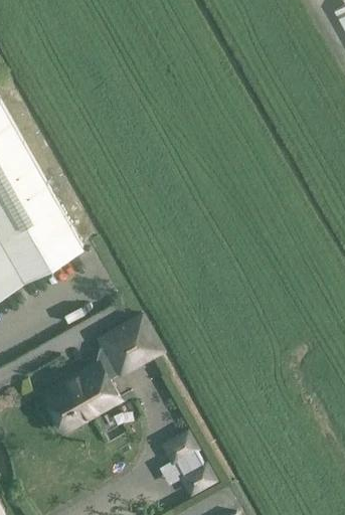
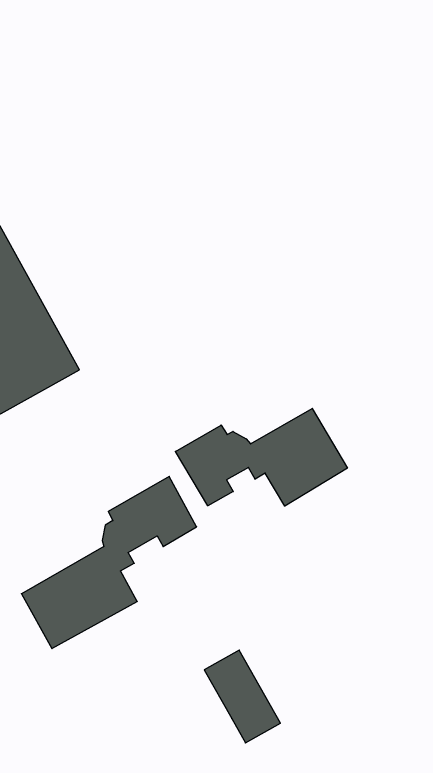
building: none -> [175,408,347,506]

